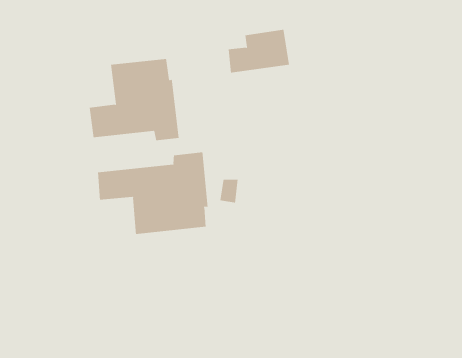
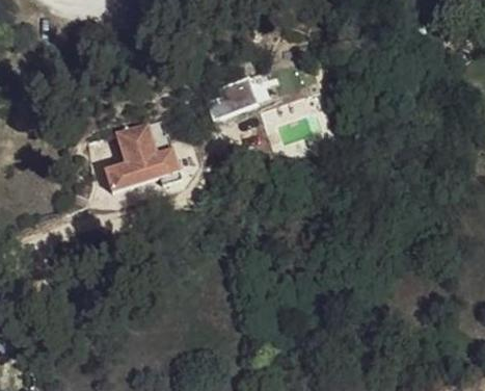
building: [97,152,208,235] -> none

